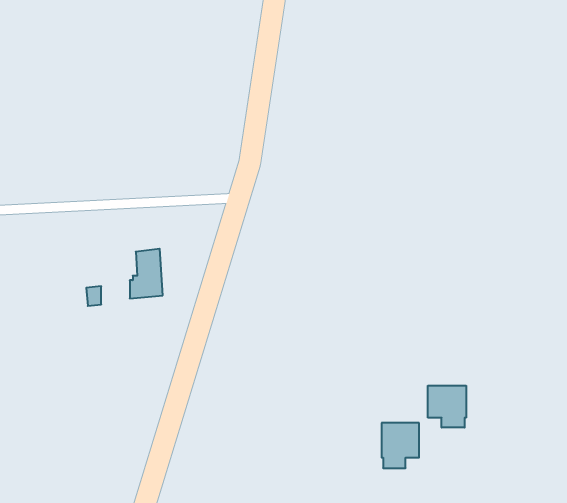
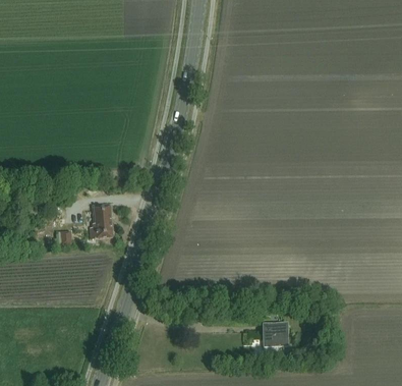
building: [428,386,466,428] -> none

